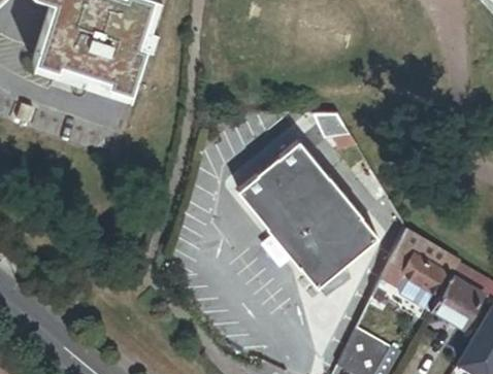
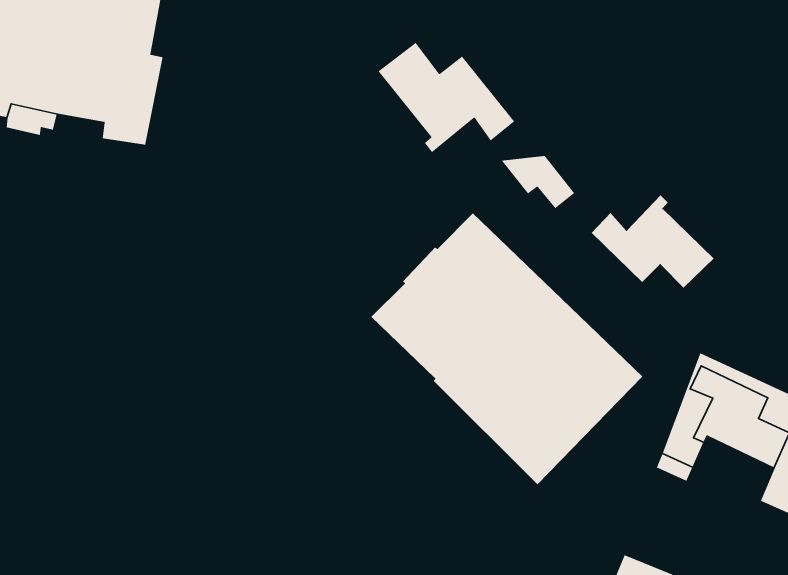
building: none -> [378,42,515,153]
building: none -> [591,195,714,289]

